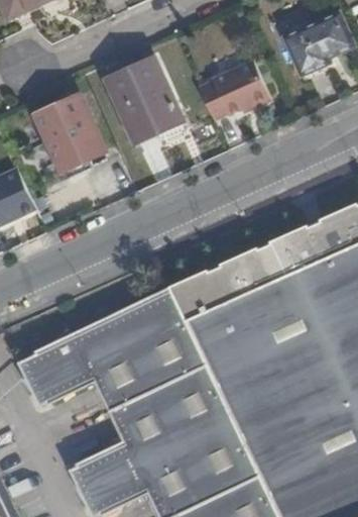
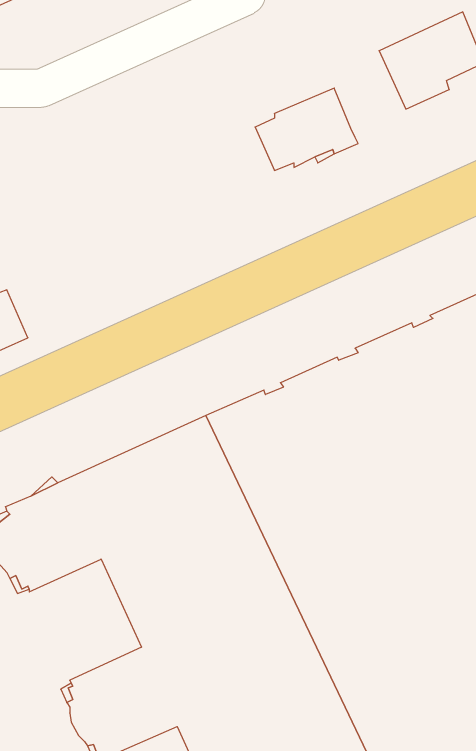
building: [108,59,185,143] -> none
building: [34,91,107,170] -> none

